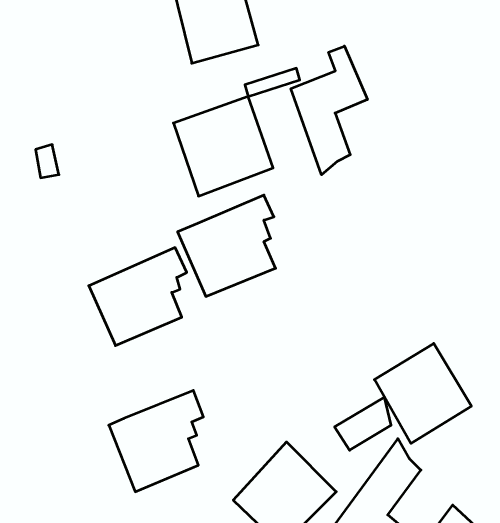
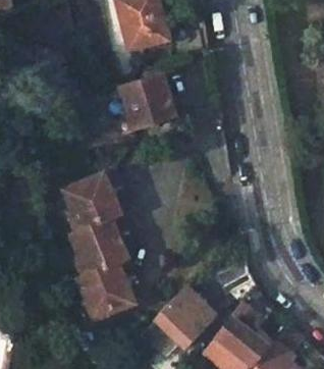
building: [291,46,367,175] -> none
building: [178,195,276,296] -> [68,208,128,270]
building: [374,343,471,443] -> none

